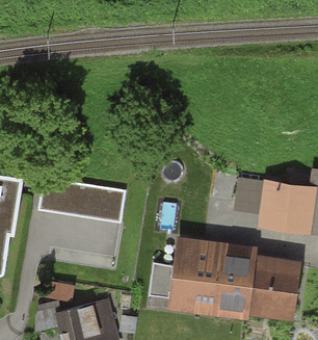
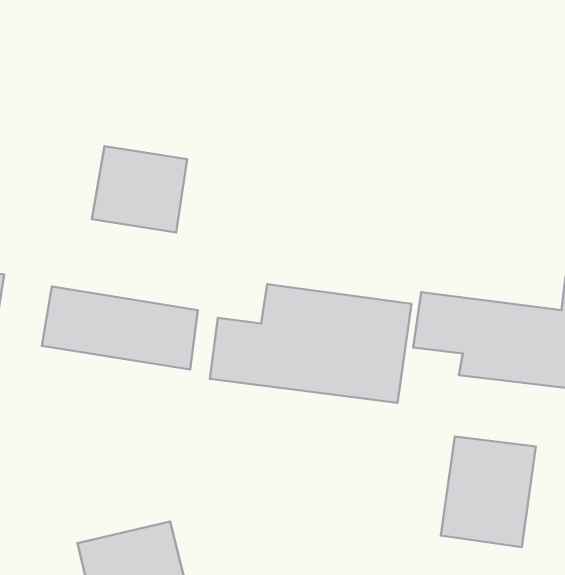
building: none -> [92,146,187,233]
building: [151,246,257,309] -> [210,284,411,403]

